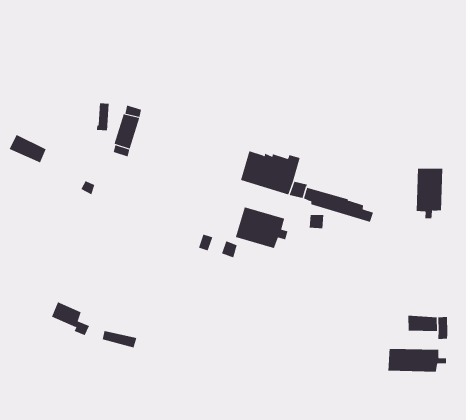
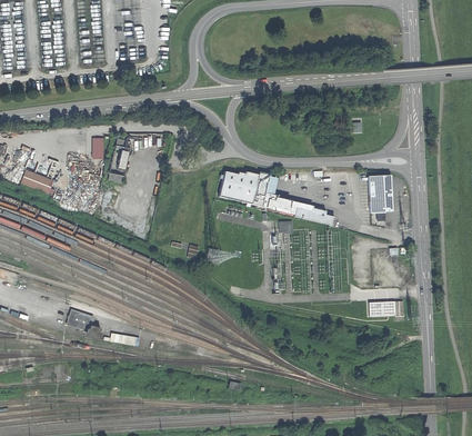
building: [235,206,288,249] -> none
building: [388,348,447,372] -> none

